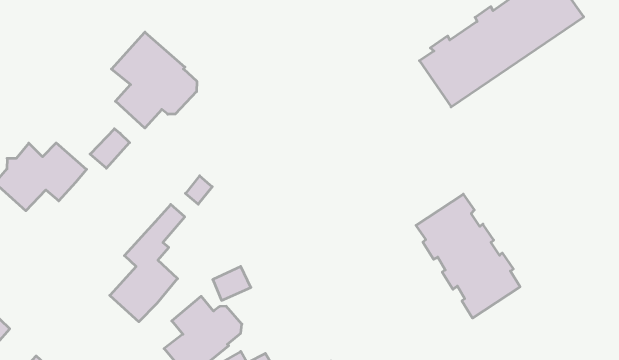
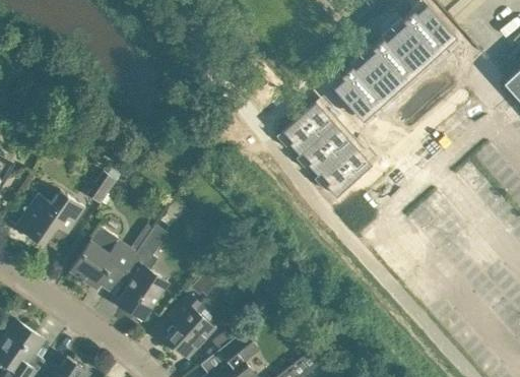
building: [111,32,197,128] -> none
building: [416,194,520,318] -> [281,102,369,197]
building: none -> [70,228,144,288]

